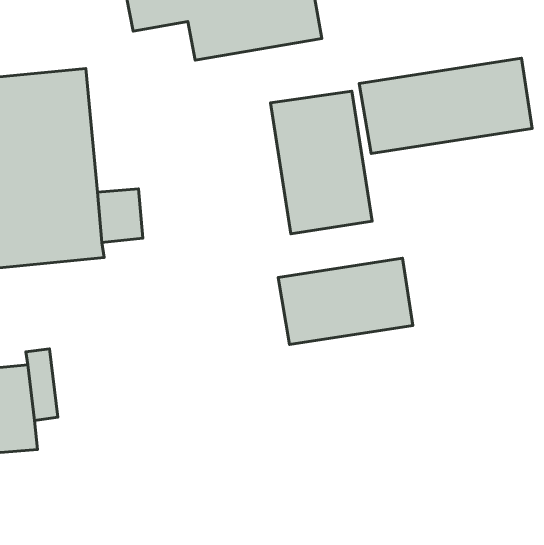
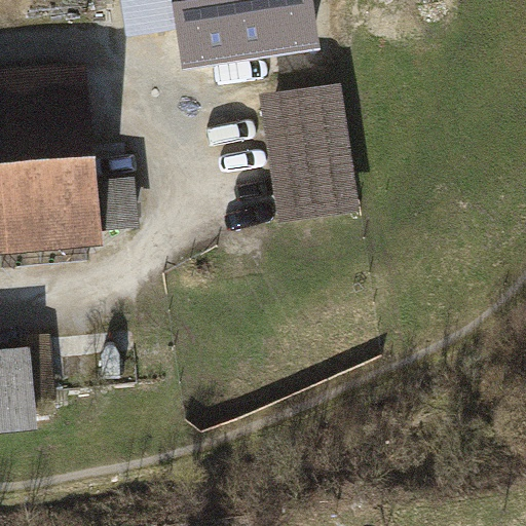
building: [359,58,532,153] -> none
building: [278,258,413,345] -> none

